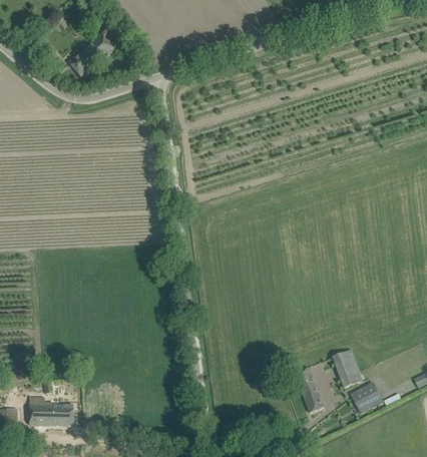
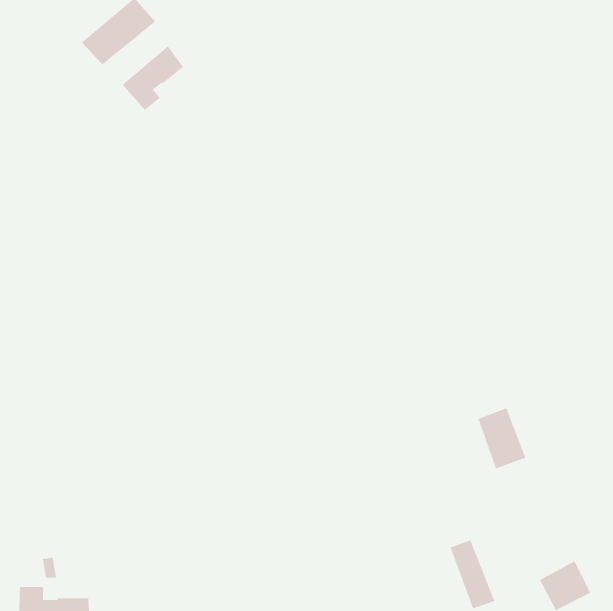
building: none -> [122,46,184,111]
building: [332,349,362,387] -> [478,408,526,469]

